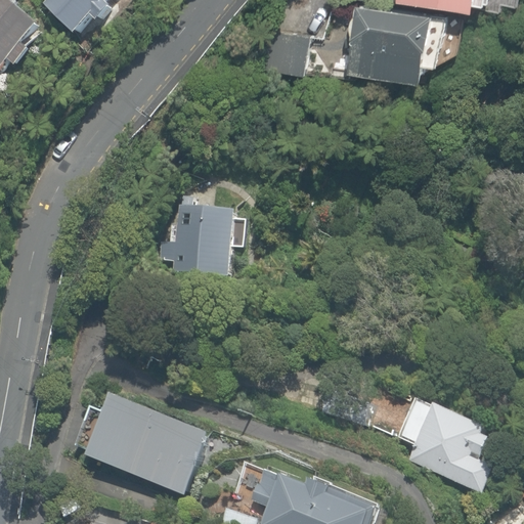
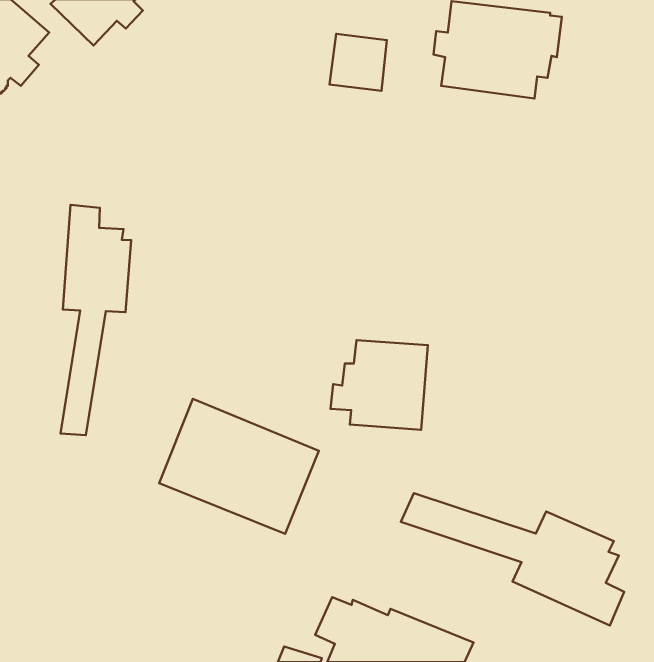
building: none -> [61,205,131,435]
building: [156,206,232,276] -> [330,340,428,430]
building: [86,391,212,497] -> [159,399,319,534]

